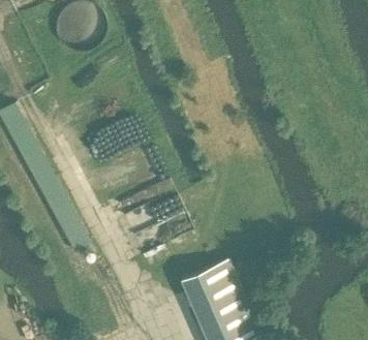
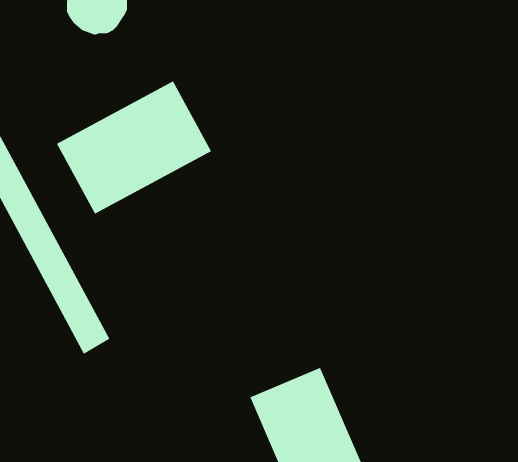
building: none -> [56,81,212,214]

